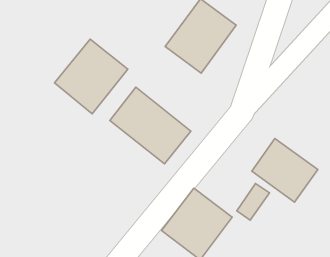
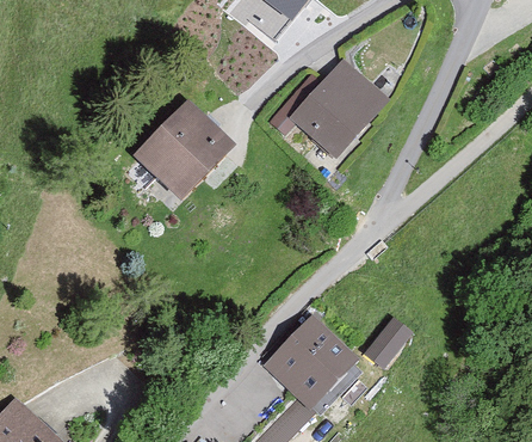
building: [110,87,191,164] -> none
building: [252,139,318,202] -> none

